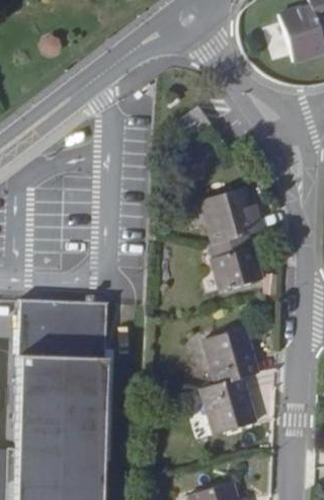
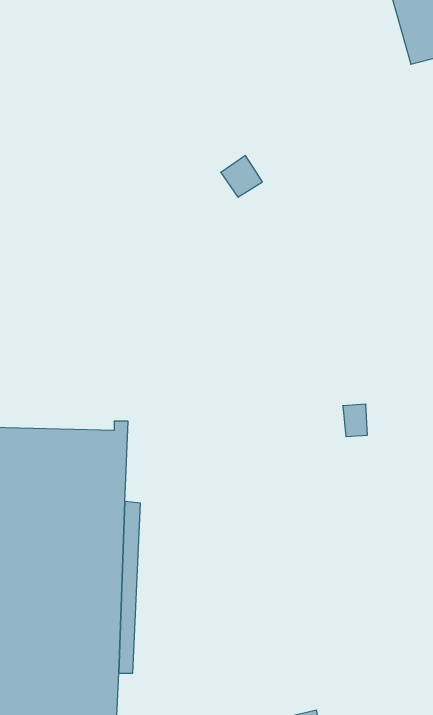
building: [187,195,250,297] -> none
building: [204,326,257,431] -> none

